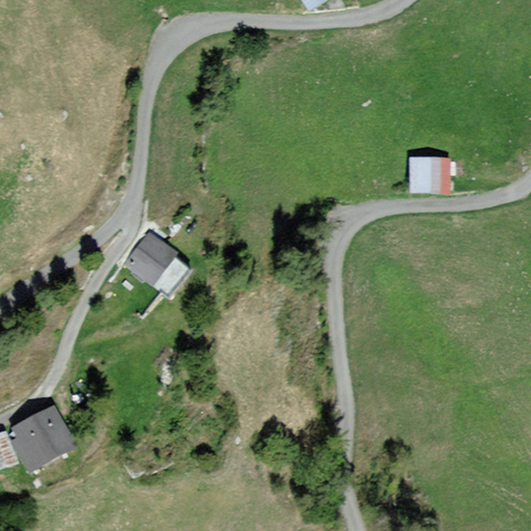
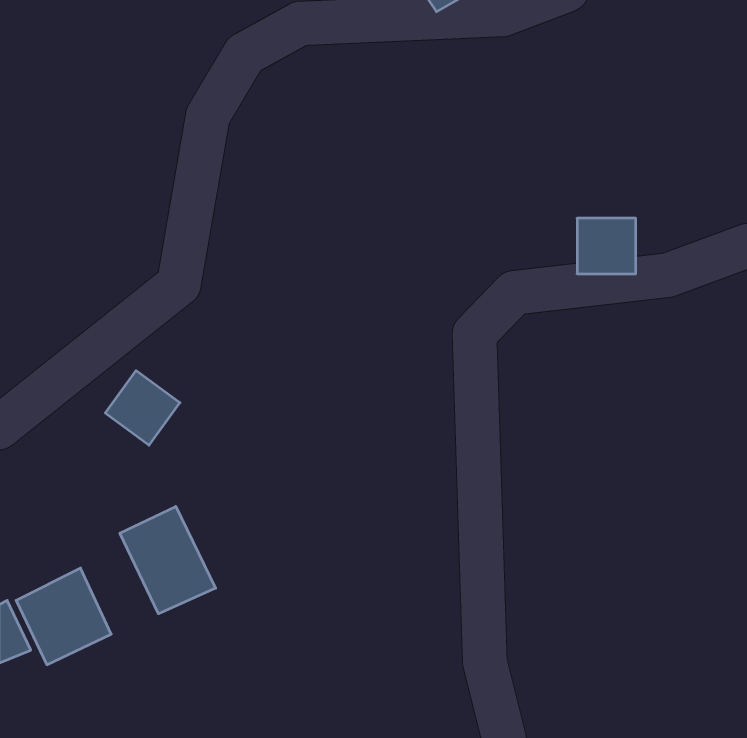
building: [121,232,174,285] -> [105,371,180,445]
building: none -> [120,506,216,614]

